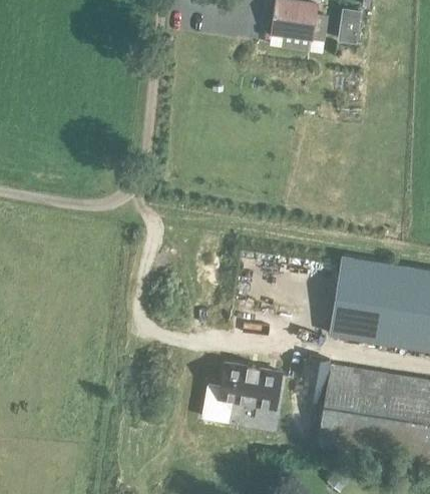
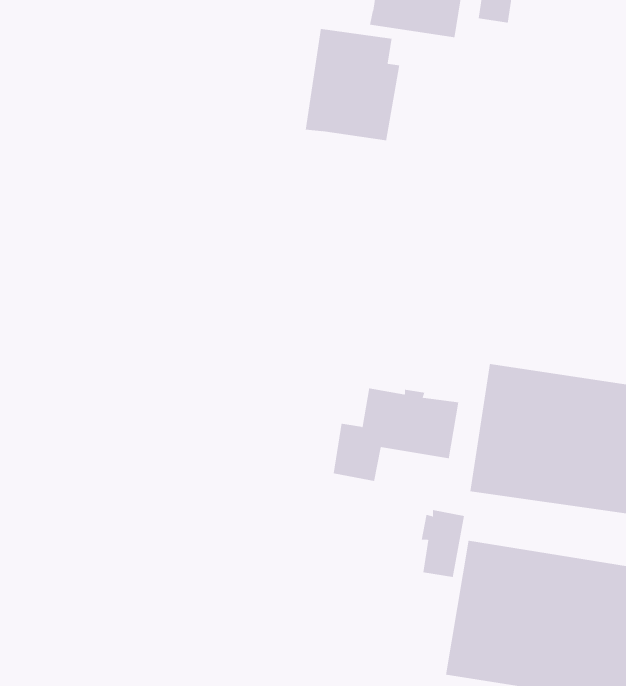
building: none -> [305,28,400,141]
building: [202,364,281,422] -> [333,388,459,482]

